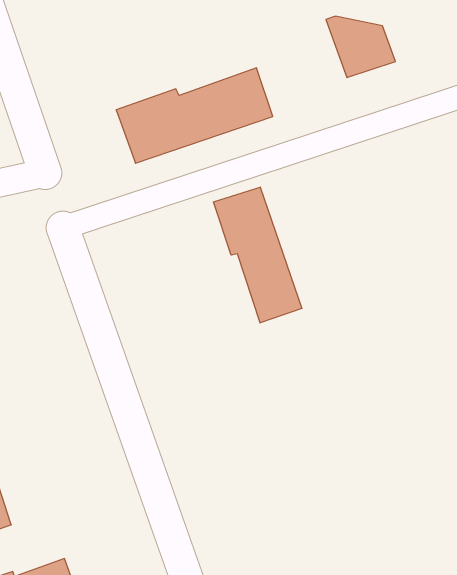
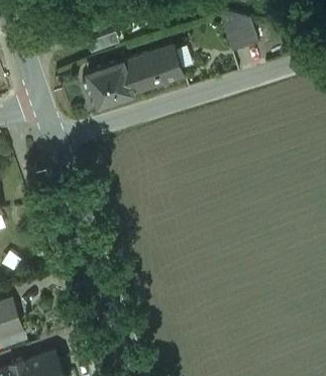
building: [214,187,302,323] -> none

